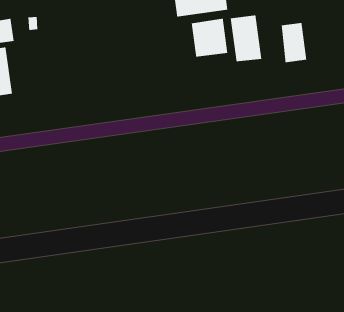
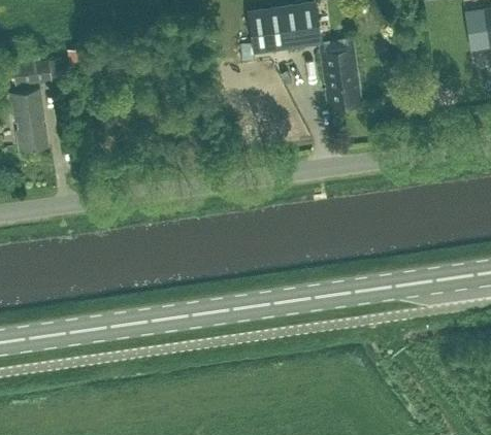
building: [191,18,228,58] -> none
building: [281,22,307,63] -> none

